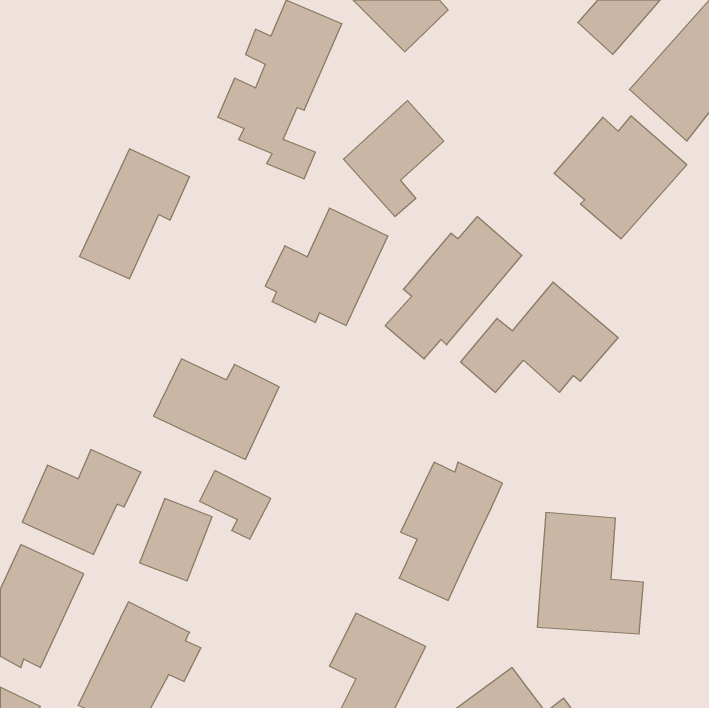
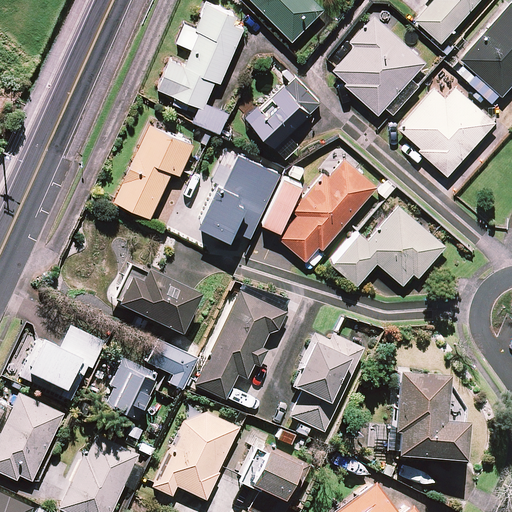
building: none -> [333,18,431,115]
building: [79,149,190,279] -> [116,124,195,217]
building: none -> [263,176,303,231]
building: none -> [194,291,286,401]
building: none -> [153,412,237,500]

